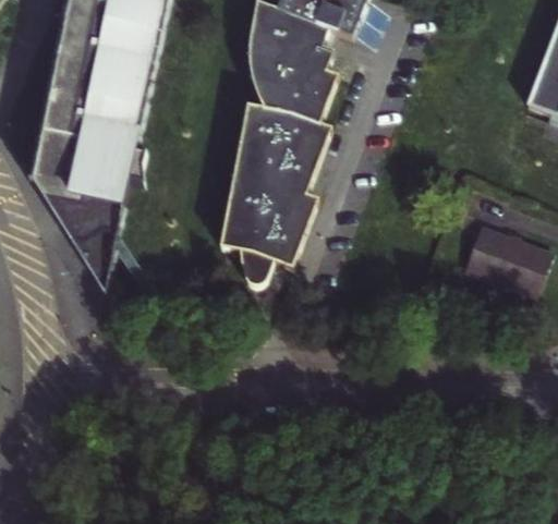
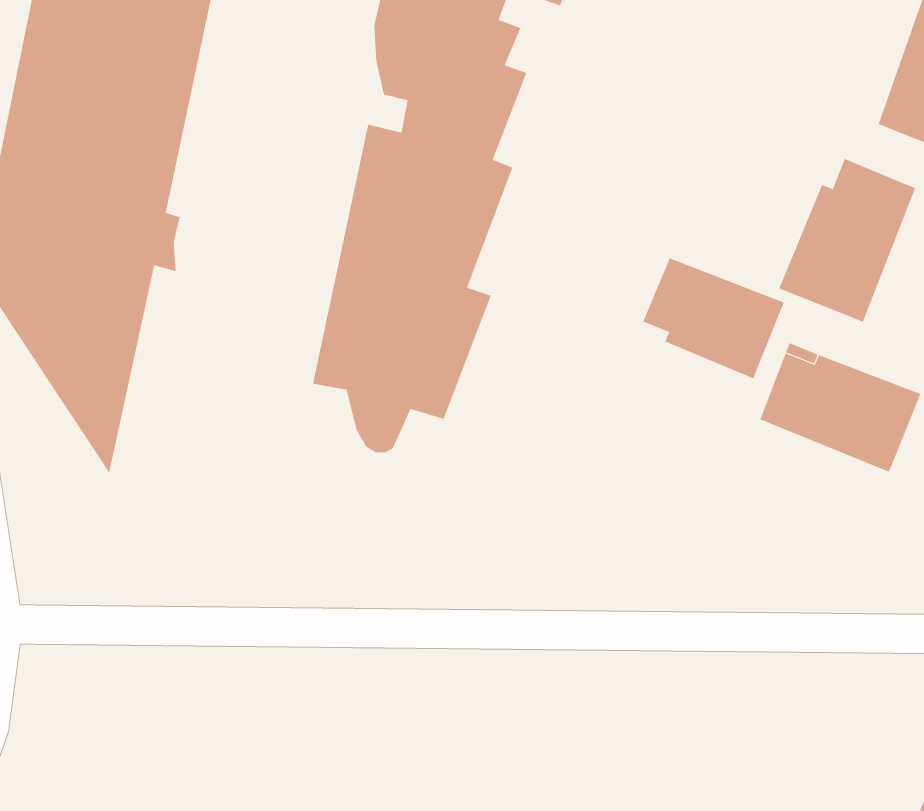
building: none -> [778,158,916,323]
building: none -> [643,257,784,379]

